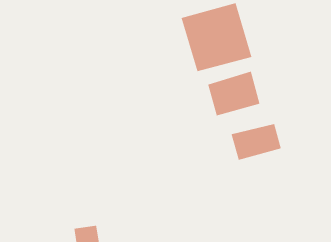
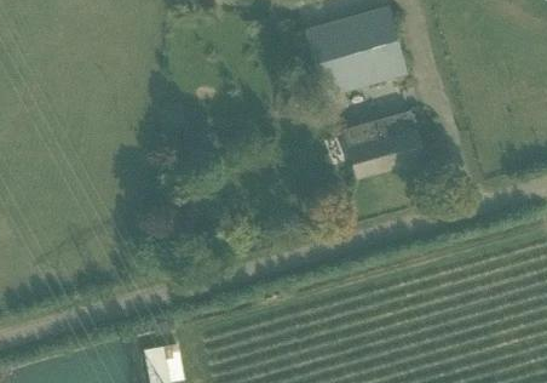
building: [230,123,282,161] -> none

